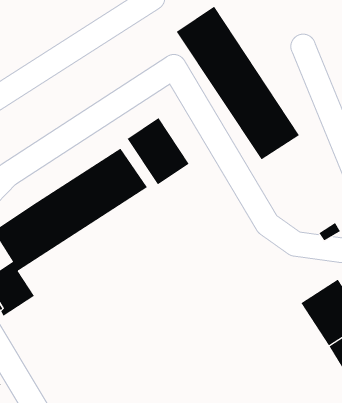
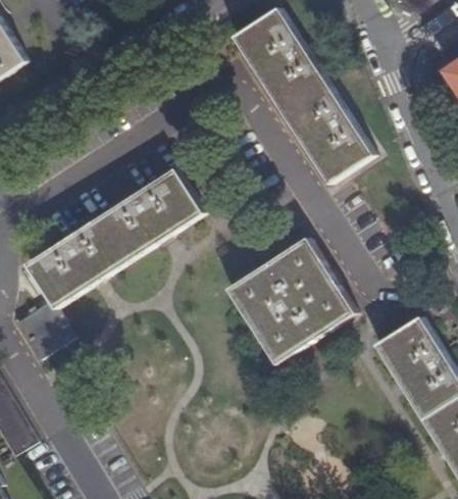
building: [127,117,190,185] -> none
building: none -> [227,239,354,362]

